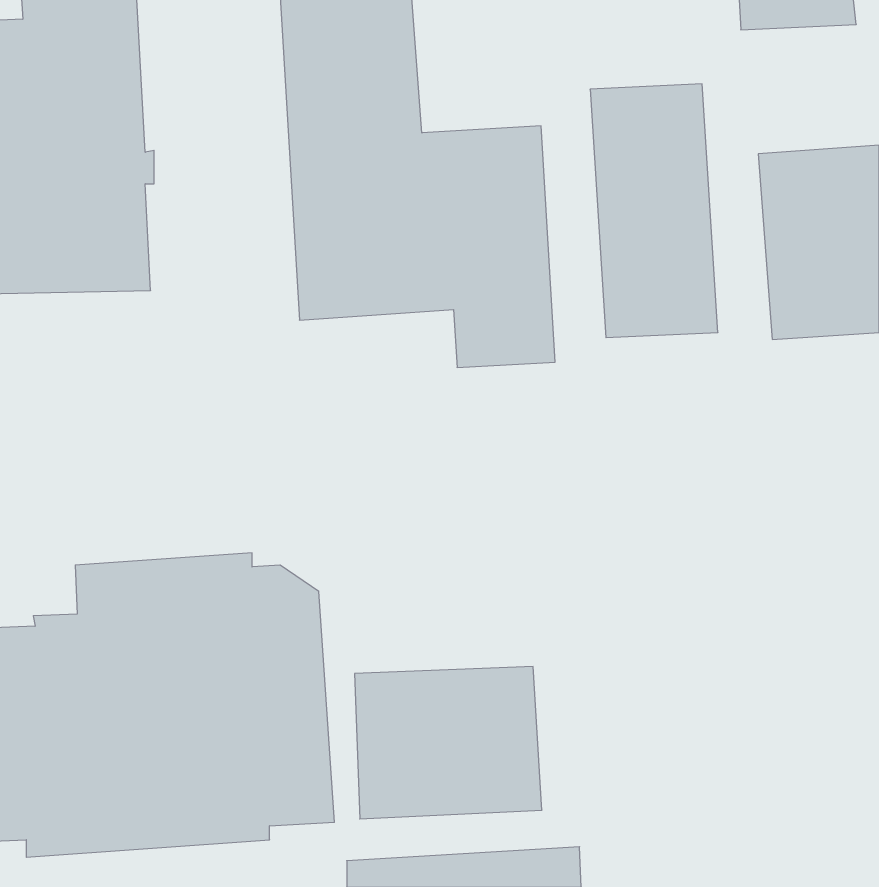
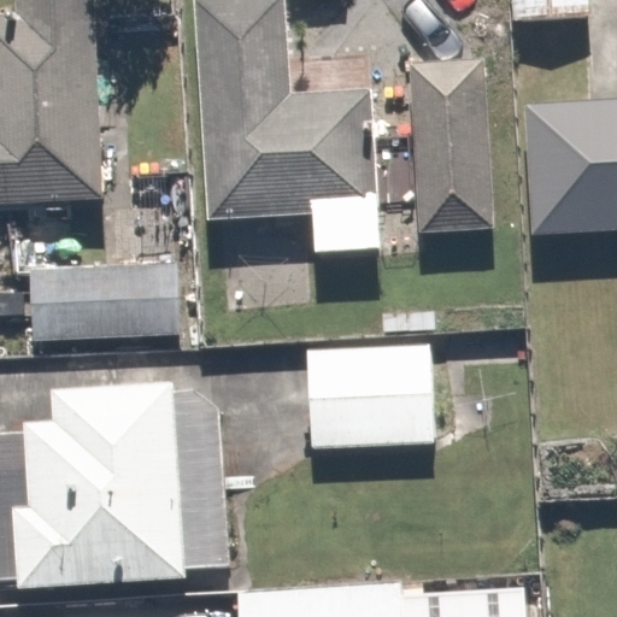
building: none -> [28,263,178,337]
building: [355,667,542,819] -> [305,343,434,448]

